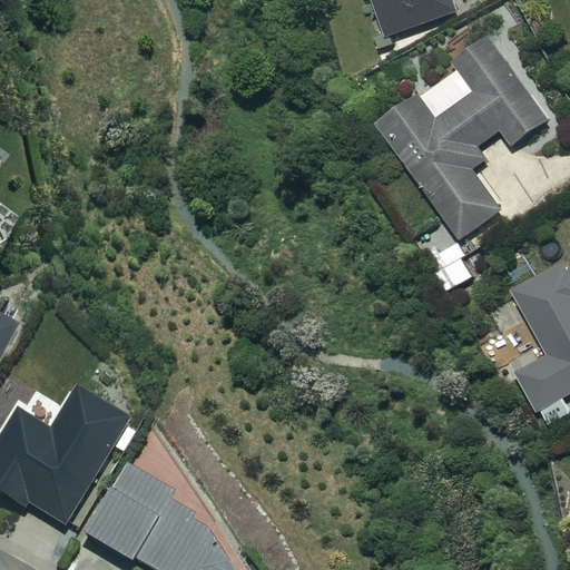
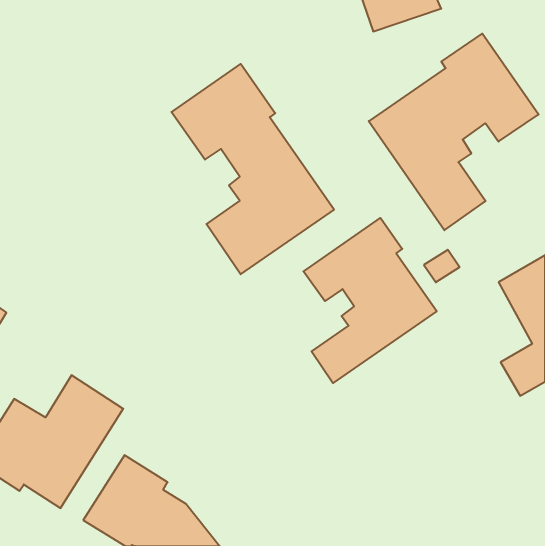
building: none -> [171,64,334,274]
building: none -> [303,218,437,383]

